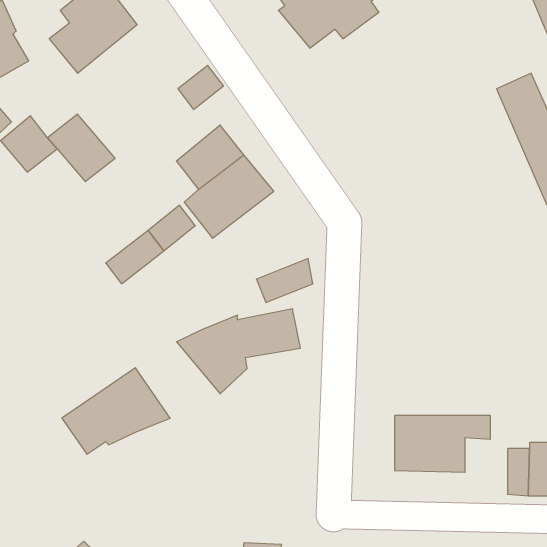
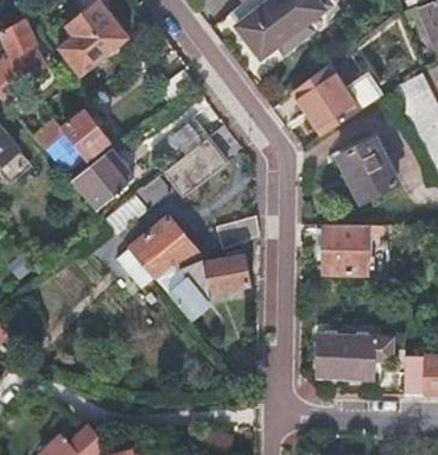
building: none -> [294,63,380,133]
building: none -> [339,139,398,202]
building: none -> [69,148,134,210]
building: none -> [323,226,366,274]
building: [62,368,170,454] -> [120,220,202,285]

